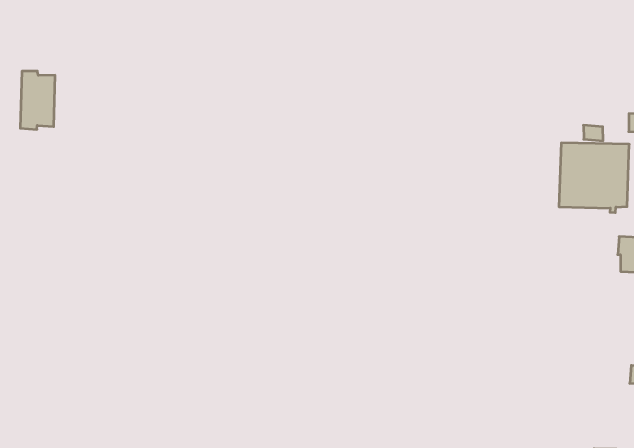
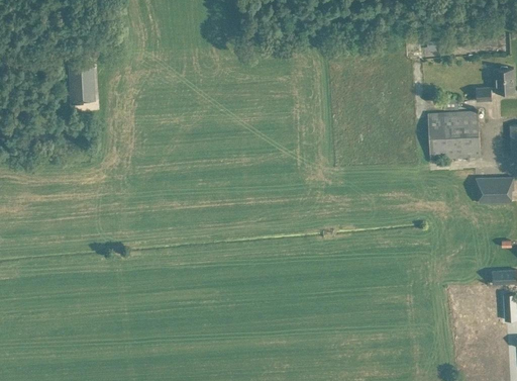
building: [20,71,55,129] -> [70,62,96,104]

